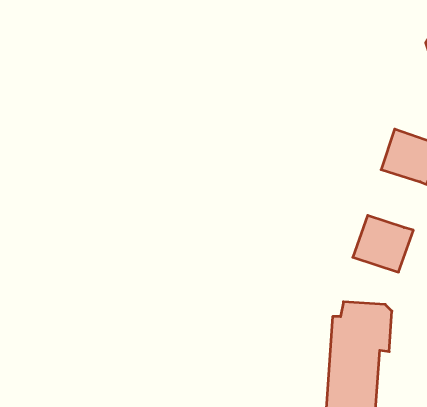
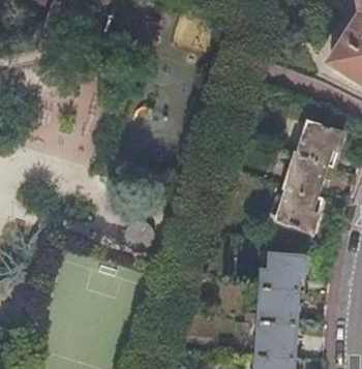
building: none -> [283,152,328,197]

